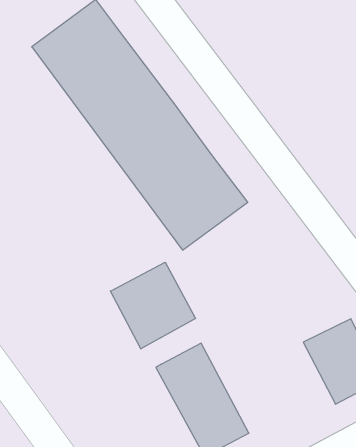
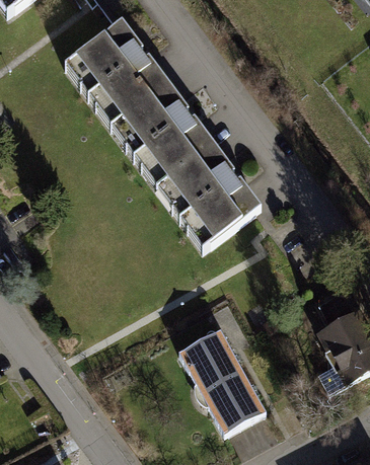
building: [110,262,196,349] -> none

